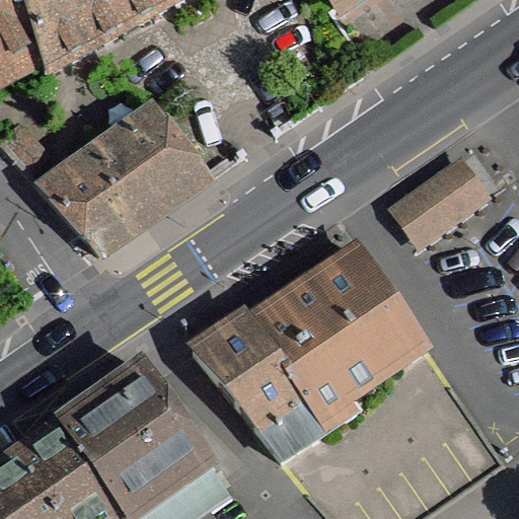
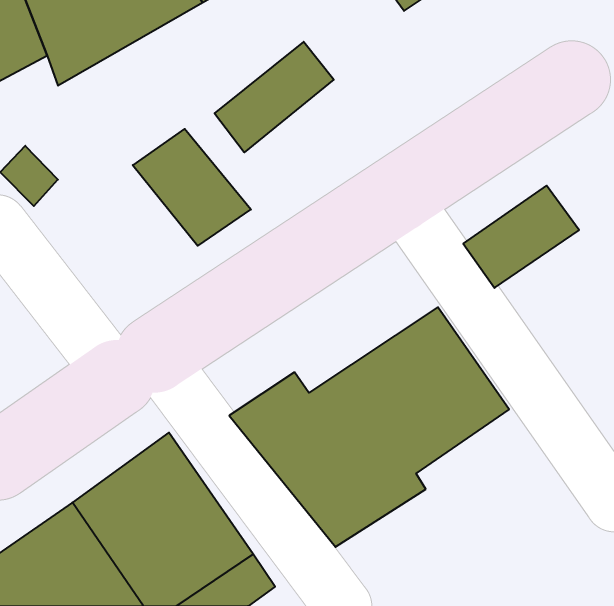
building: none -> [215,42,334,152]
building: [40,139,166,252] -> none

